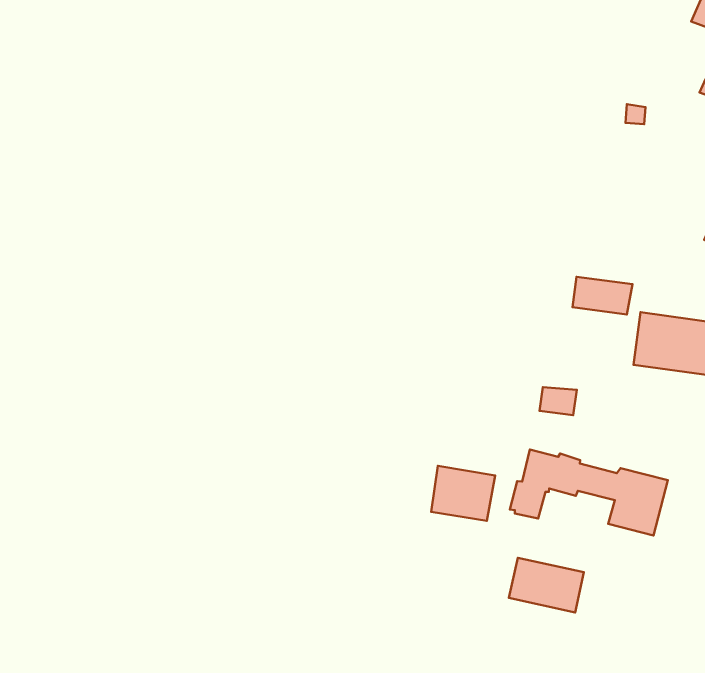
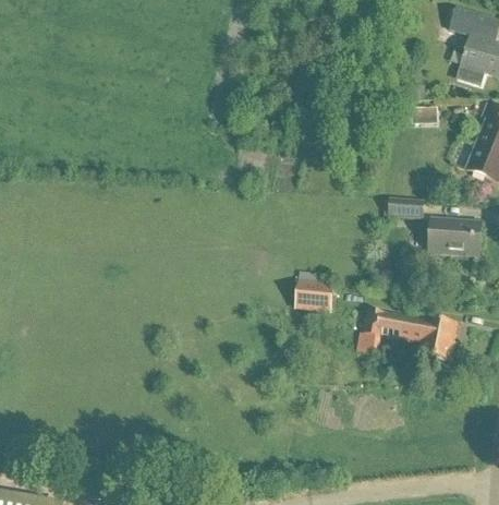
building: [431,466,495,521] -> [296,279,336,312]
building: [509,558,584,612] -> none

